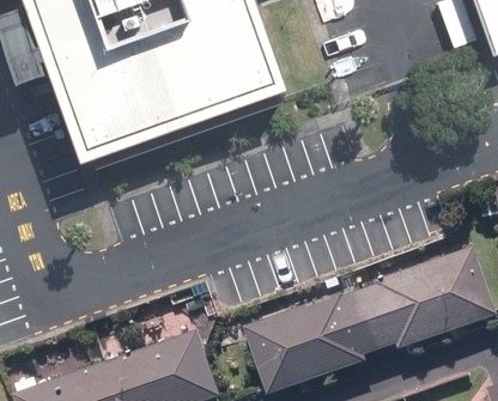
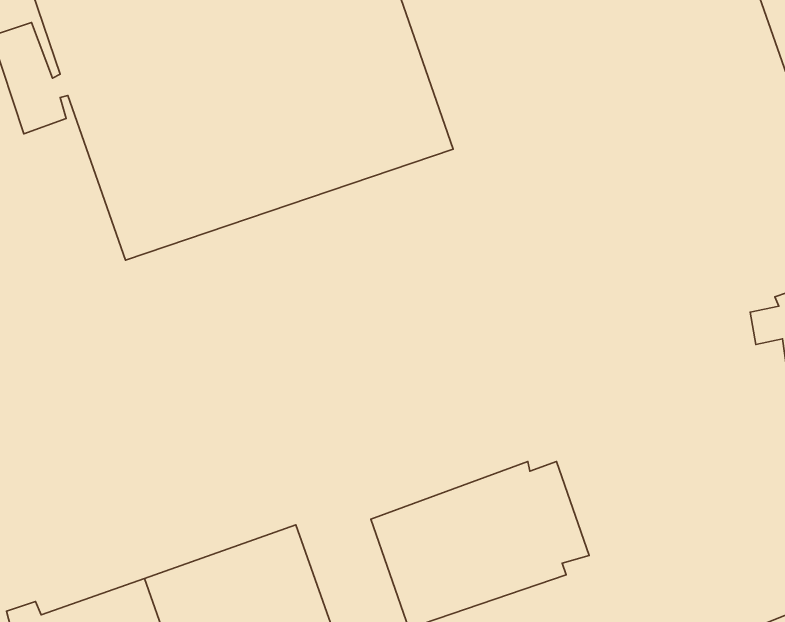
building: [353,244,491,348] -> none

